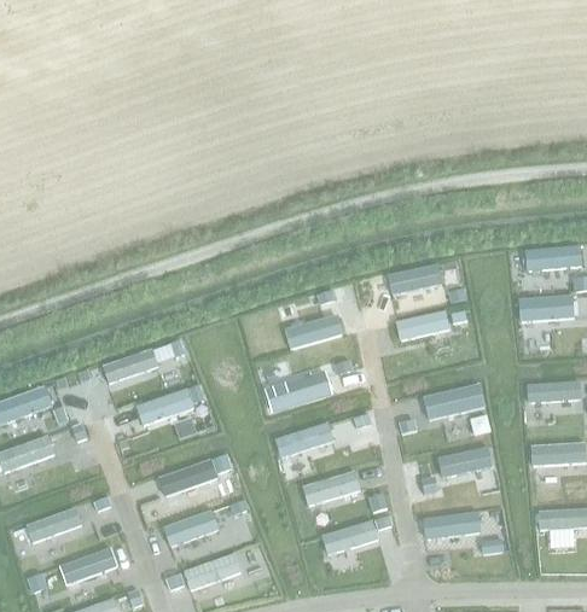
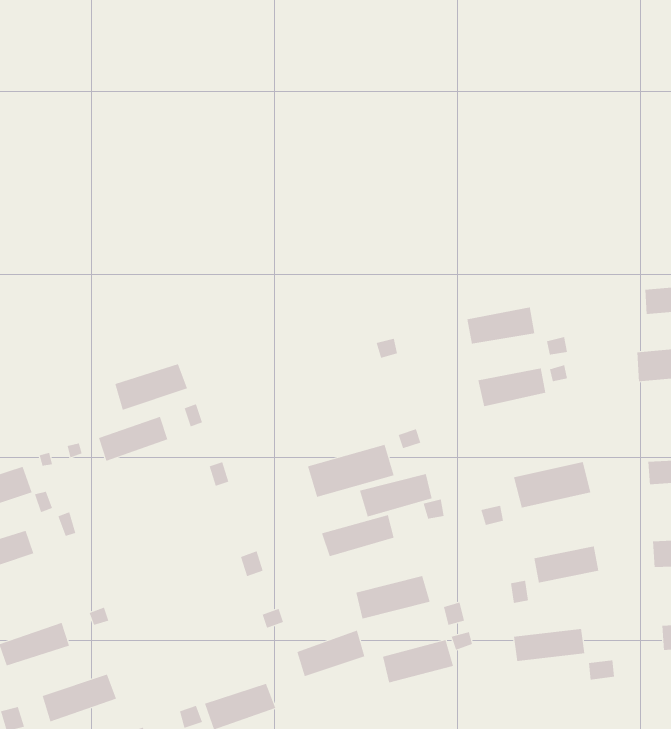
building: [285,314,342,348] -> [359,473,433,517]
building: [136,389,193,425] -> [114,364,188,410]
building: [159,459,216,495] -> none
building: [164,509,217,546] -> [296,630,365,677]

